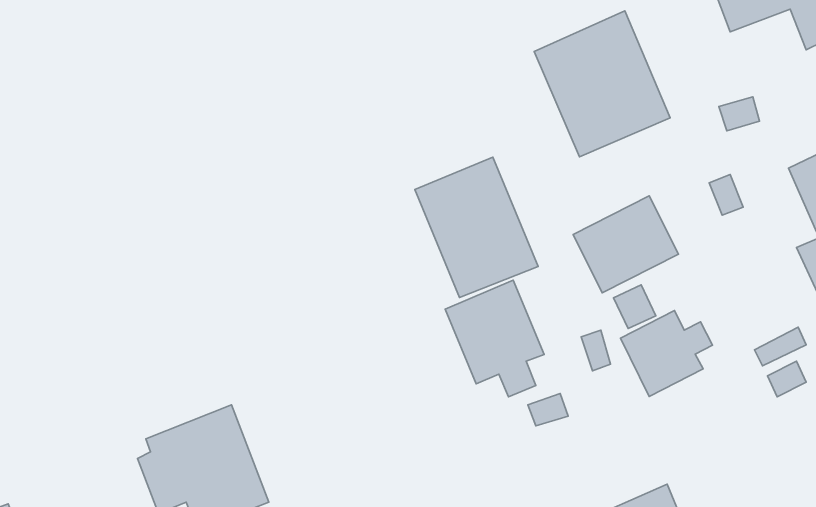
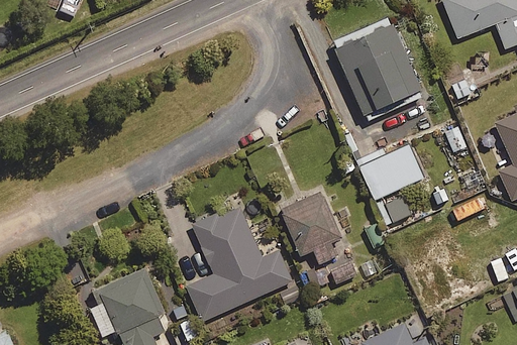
building: [415,157,538,298] -> none
building: none -> [187,204,292,321]
building: [620,311,713,396] -> none

